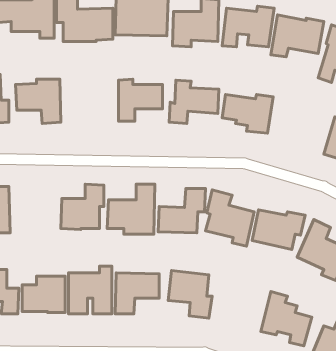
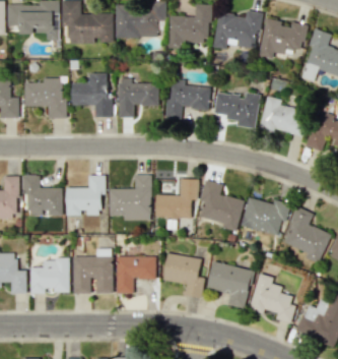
building: none -> [71,72,112,116]
building: none -> [259,96,306,135]
building: none -> [22,175,62,216]
building: none -> [206,260,253,308]

